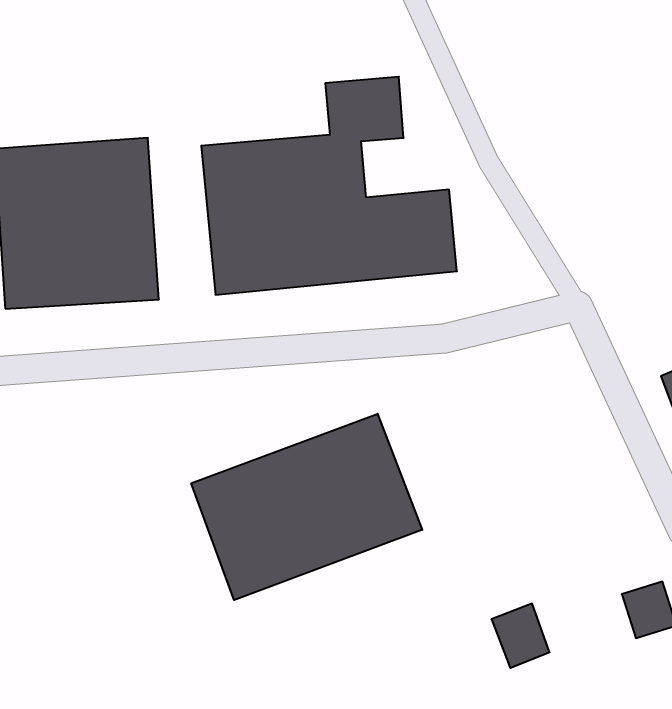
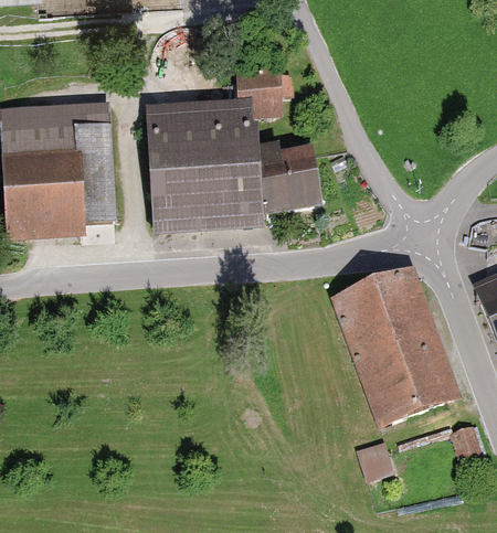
building: none -> [324,265,454,426]
building: [191,414,422,600] -> none

